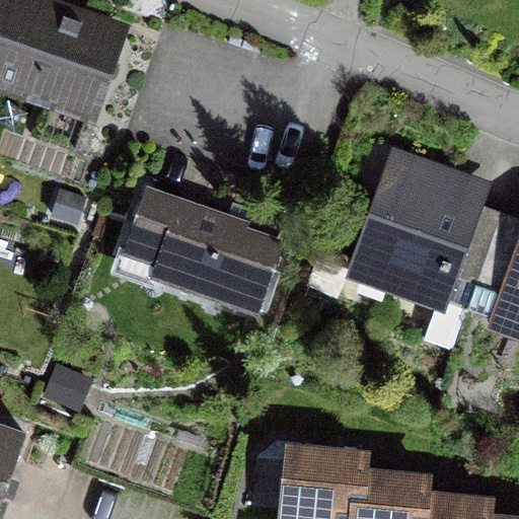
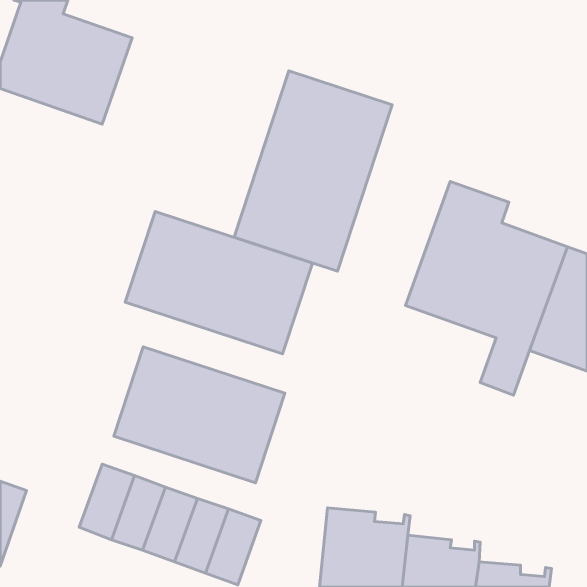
building: none -> [234,71,392,271]
building: none -> [114,347,285,483]

